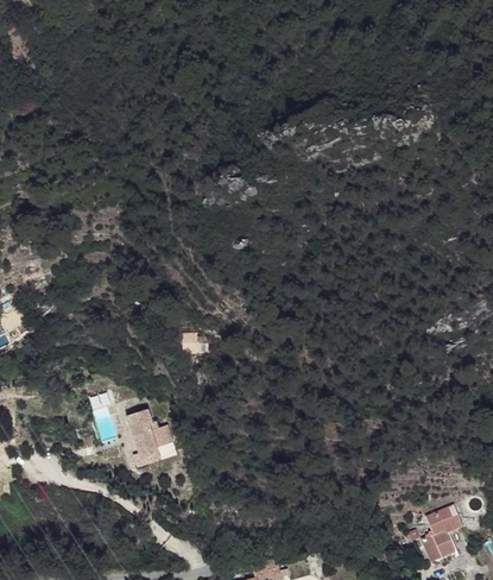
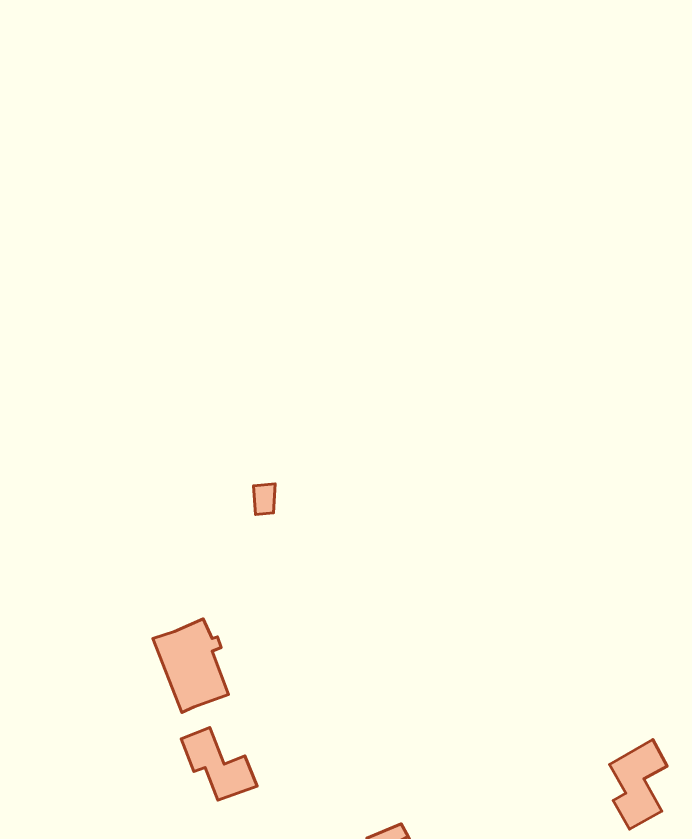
building: none -> [181,728,257,800]

